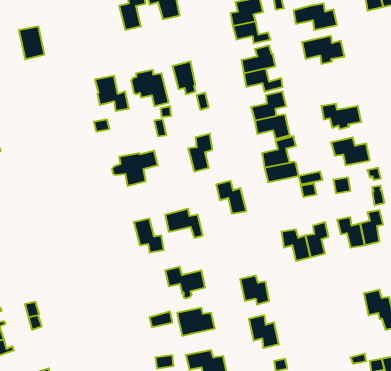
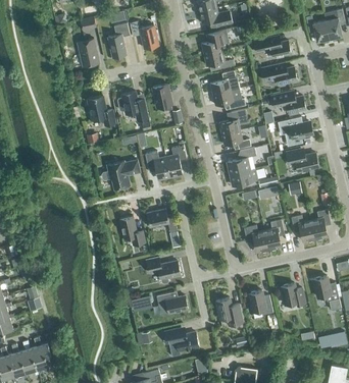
building: [19,27,44,59] -> [78,40,99,67]
building: none -> [270,92,305,113]
building: [216,181,246,214] -> [145,152,170,179]
building: [240,276,269,305] -> [248,291,272,316]
building: none -> [281,284,305,308]

